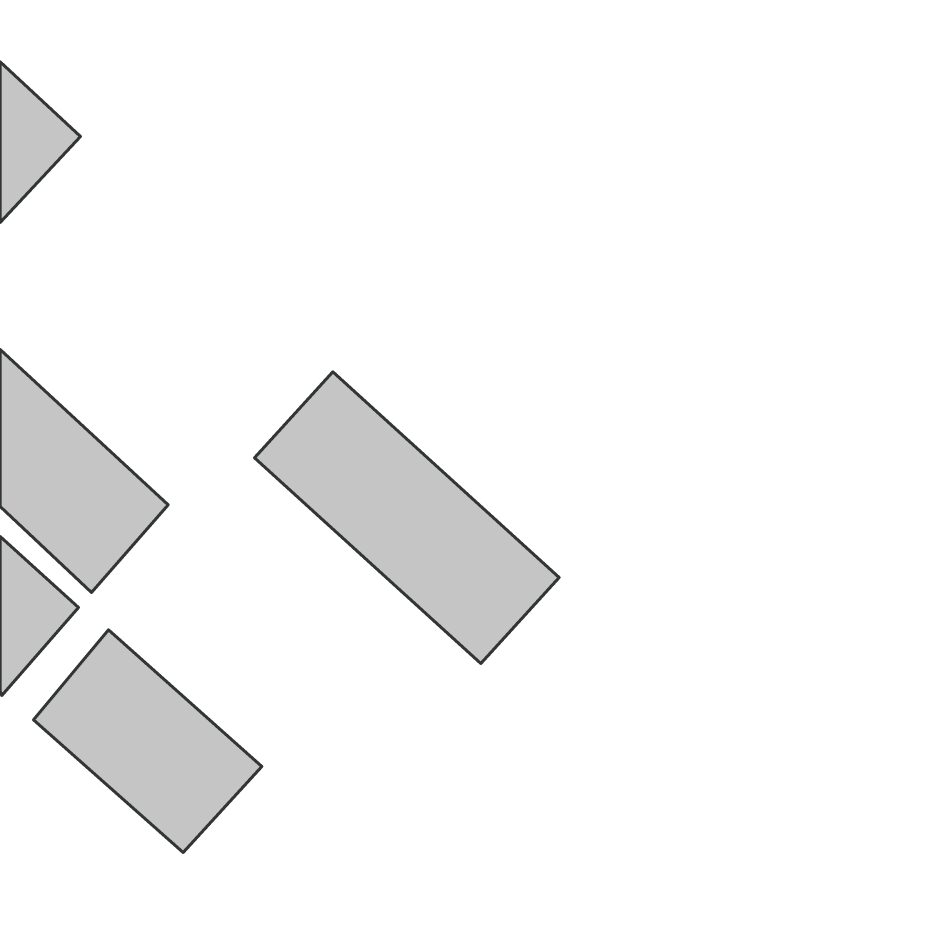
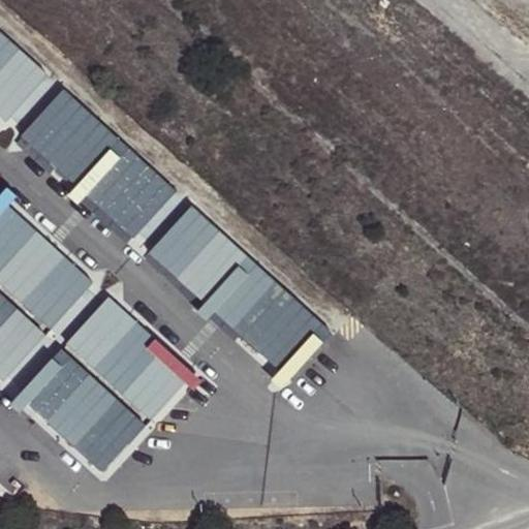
building: none -> [14,88,172,240]
building: none -> [68,292,192,415]

